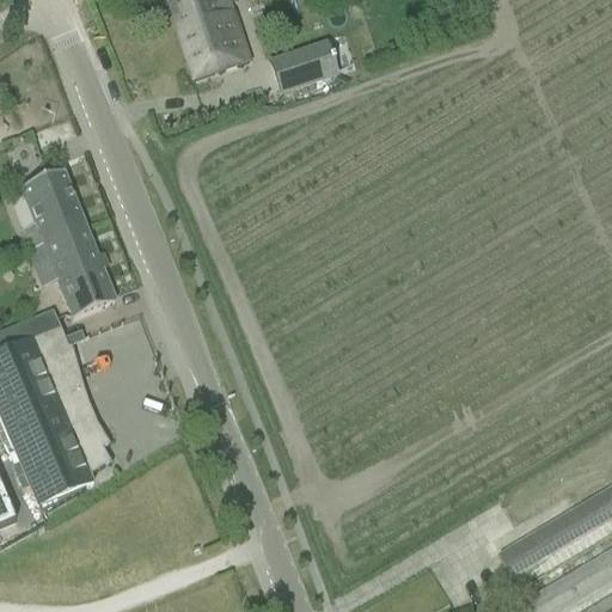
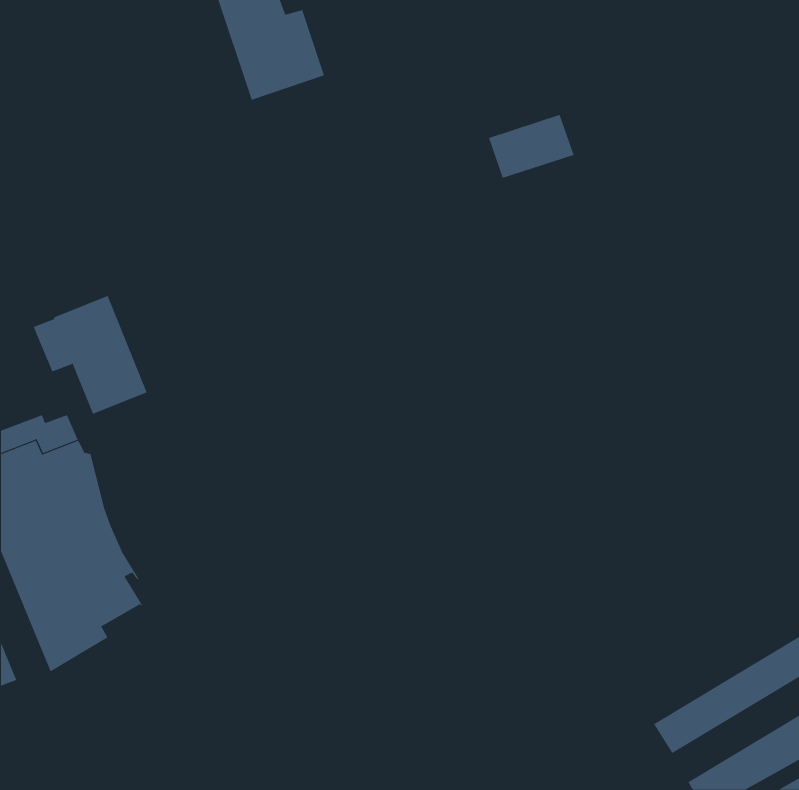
building: [270,41,336,90] -> [488,114,574,179]
building: [20,169,85,241] -> none

